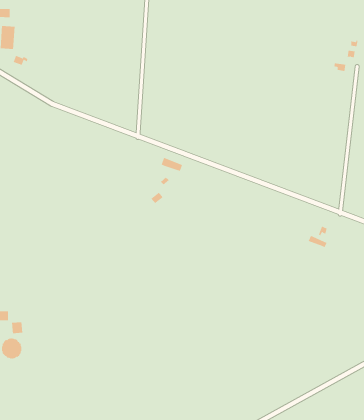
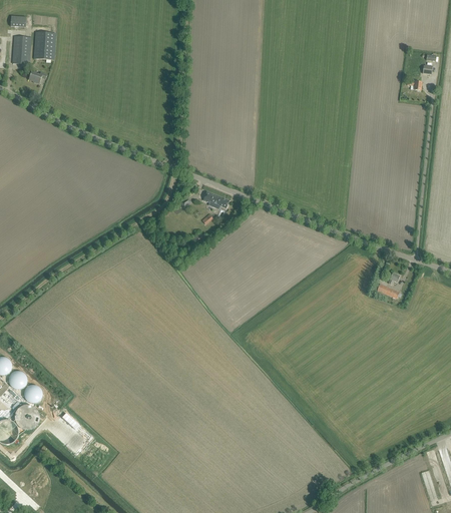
building: none -> [33,30,55,59]

